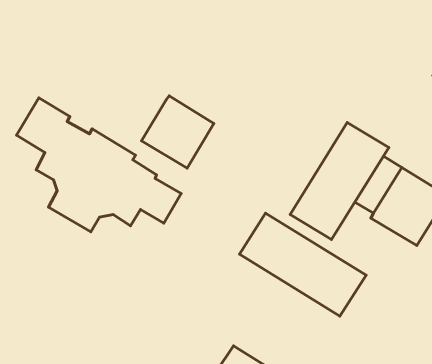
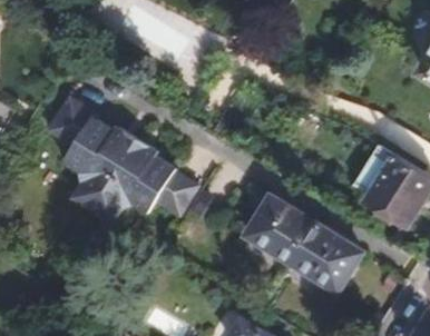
building: [142,96,214,168] -> none
building: [290,122,389,240] -> none

